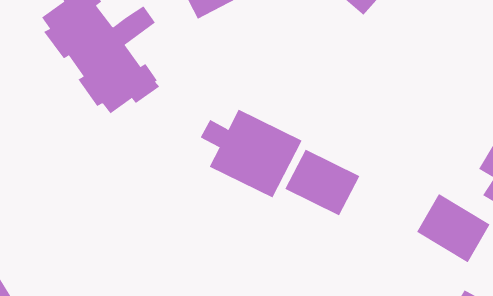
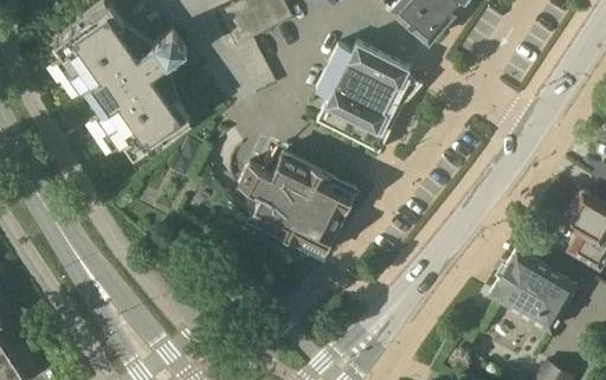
building: none -> [315,40,412,152]
building: [285,149,360,216] -> none

